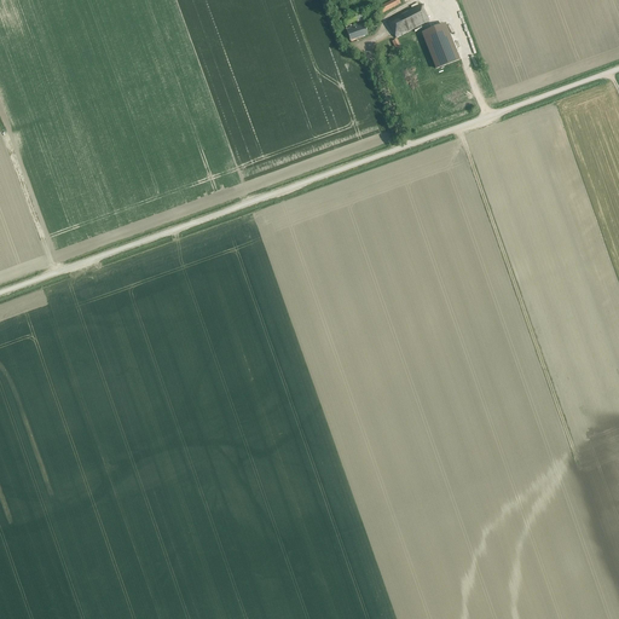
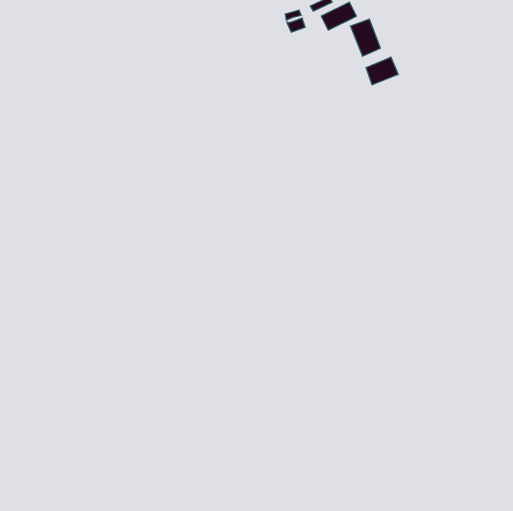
building: none -> [366,57,398,85]

